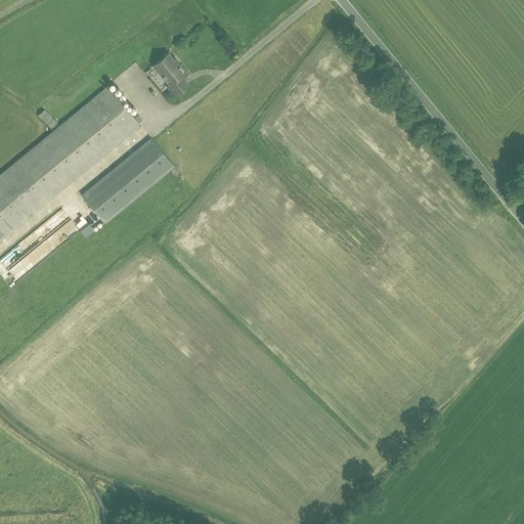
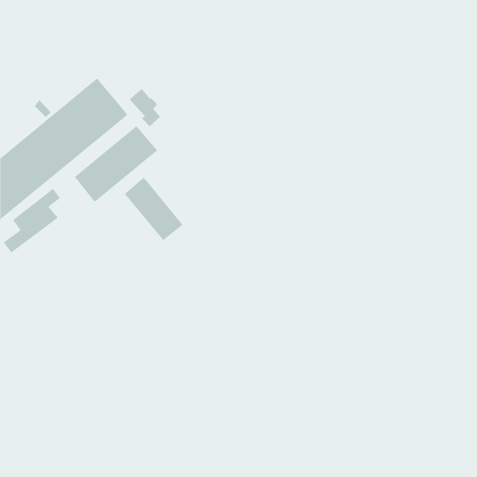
building: [152,54,187,97] -> [129,88,161,127]
building: none -> [124,177,184,241]

